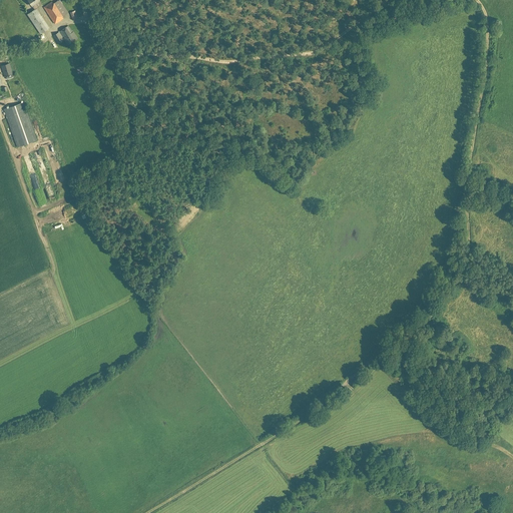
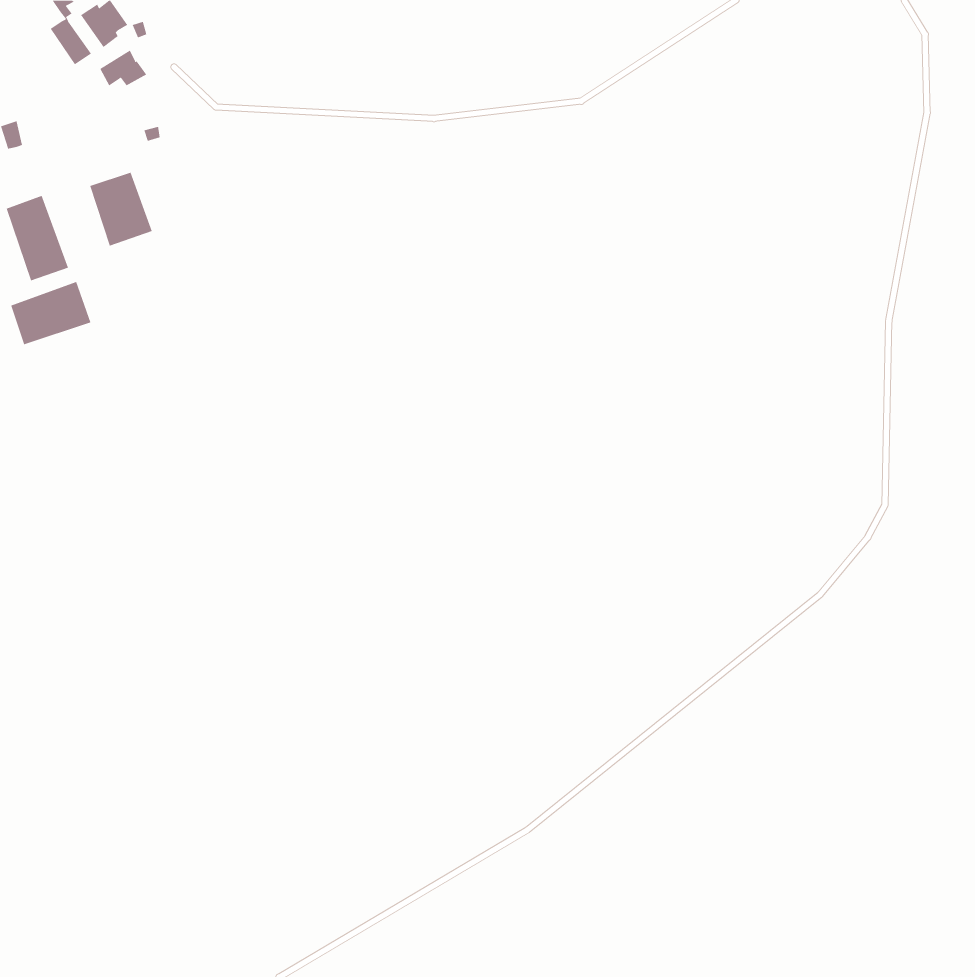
building: none -> [90,172,152,246]
building: none -> [10,281,91,345]

